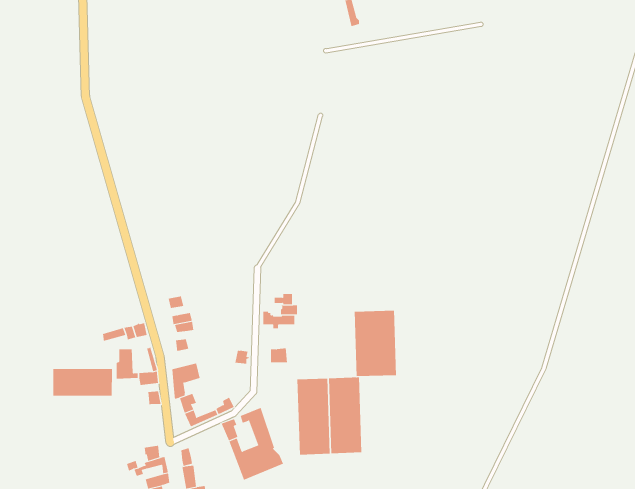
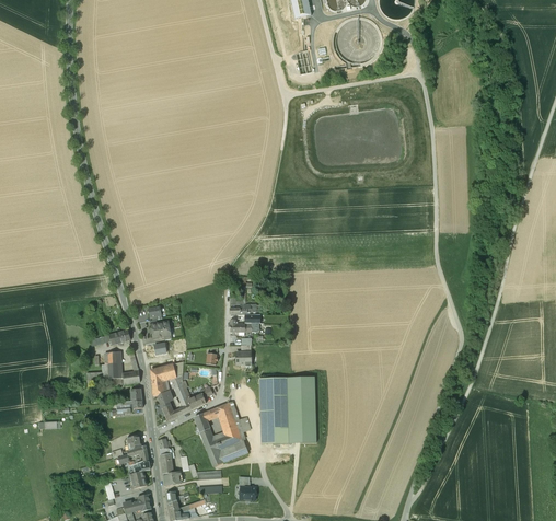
building: [354,310,397,377] -> none
building: [53,368,112,396] -> none

